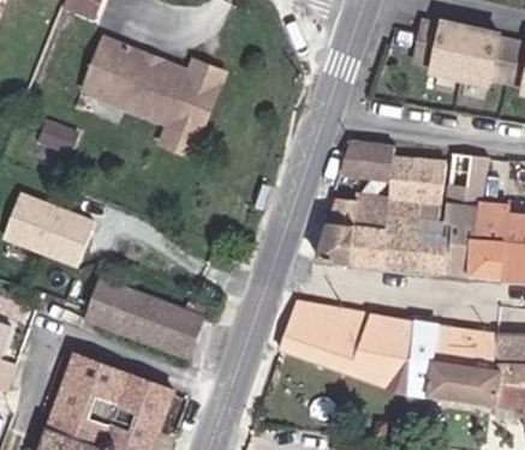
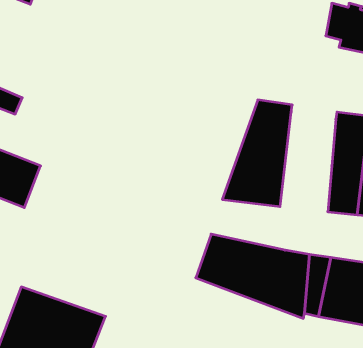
building: [80,42,223,160] -> none
building: [381,152,447,268] -> none
building: [85,284,201,362] -> none

